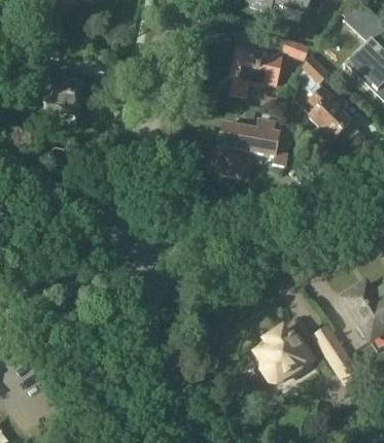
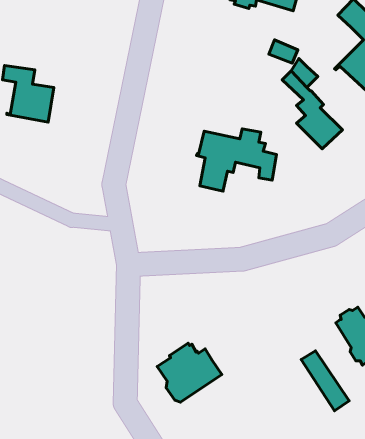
building: [232,48,281,86] -> none
building: [254,329,314,383] -> [157,343,222,402]

